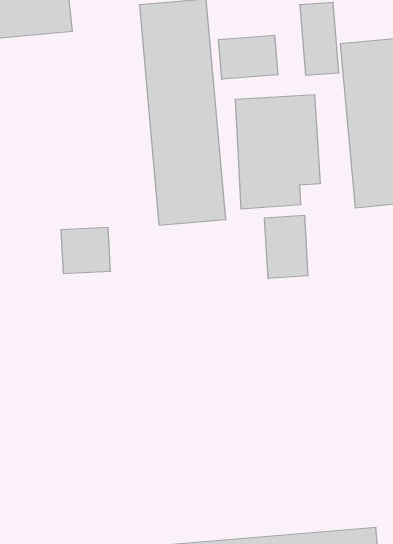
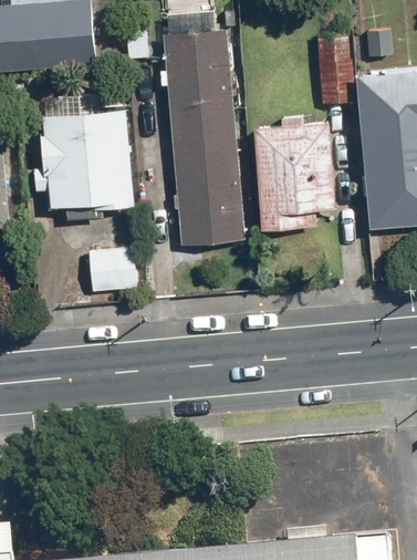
building: [219,35,278,79] -> none
building: none -> [38,108,136,211]
building: [265,215,308,279] -> none

